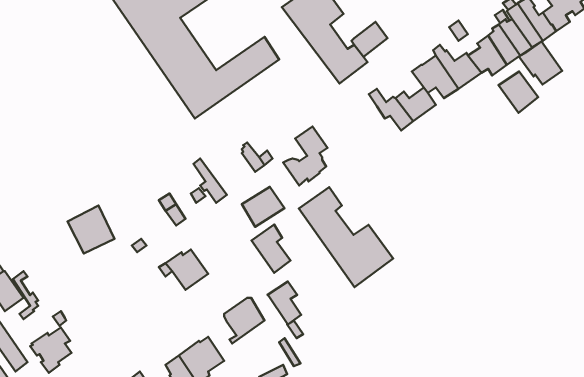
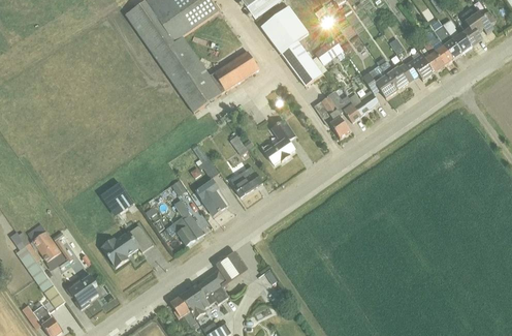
building: [519,42,562,85] -> none
building: [498,71,538,113] -> none
building: none -> [313,94,349,138]
building: [299,187,393,287] -> none
building: [252,224,290,273] -> [195,178,225,215]
building: none -> [102,223,153,267]
building: [268,282,301,324] -> [202,270,228,303]

